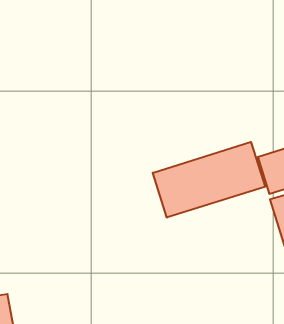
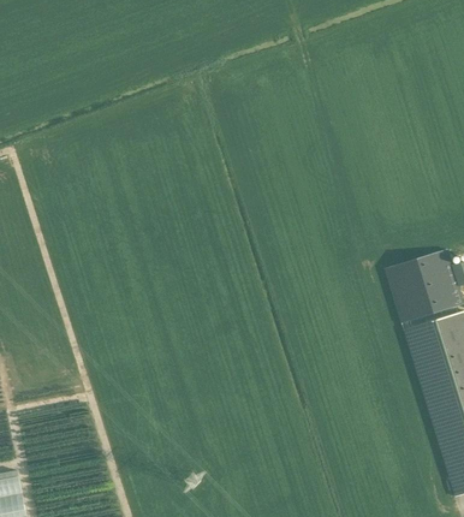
building: [153,142,265,218] -> none

